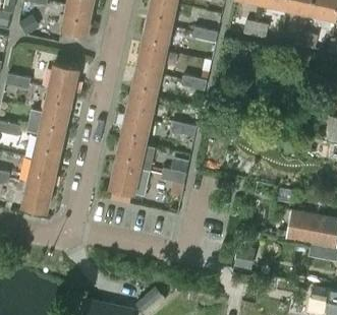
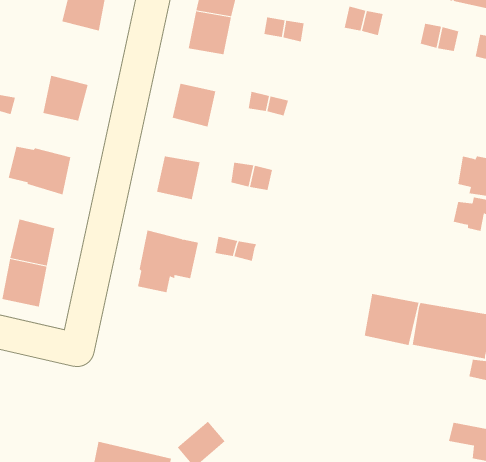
building: [137,47,166,74] -> none
building: [44,88,72,117] -> none
building: [127,91,156,120] -> none
building: [34,134,62,163] -> none
building: [116,139,155,172] -> none
building: none -> [364,293,419,346]

